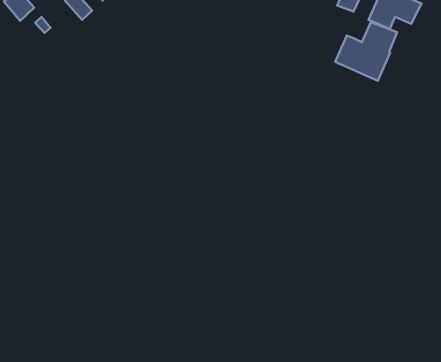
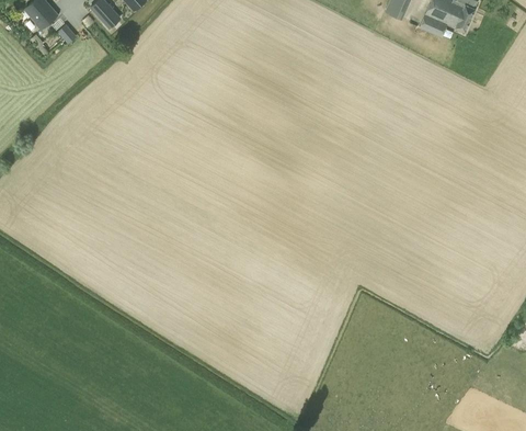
building: [335,22,397,81] -> none

